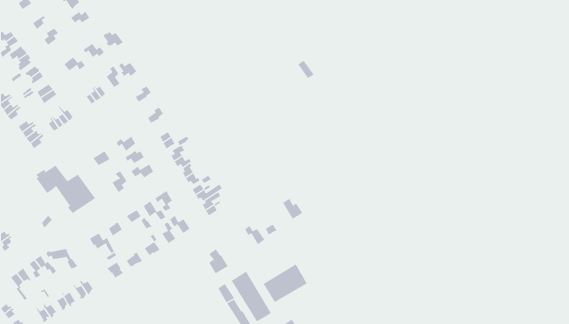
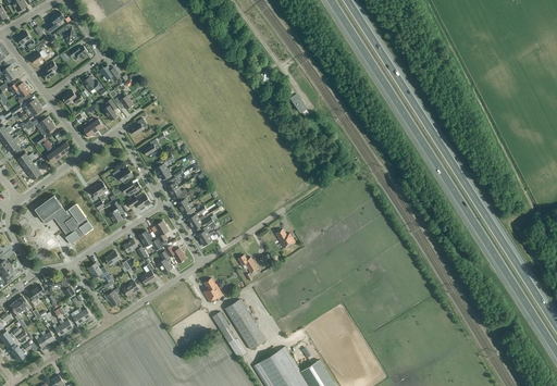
building: [263,264,308,303] -> none

